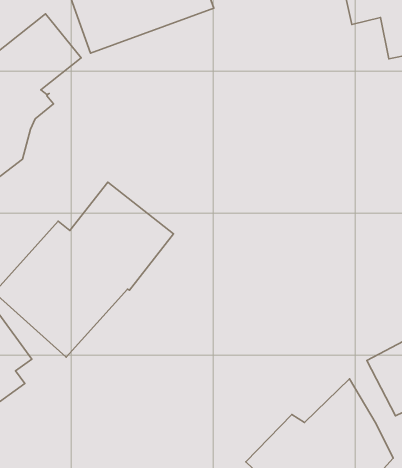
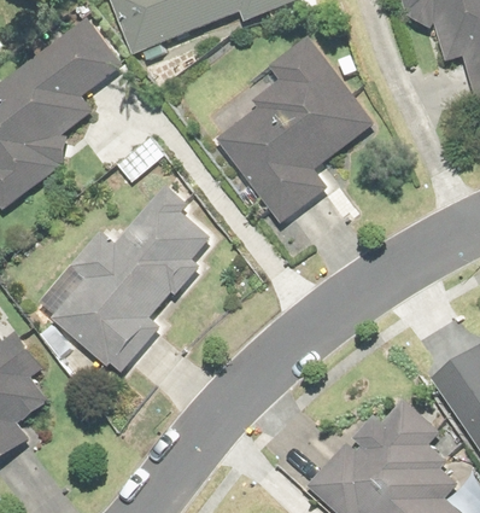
building: none -> [195,39,358,237]

